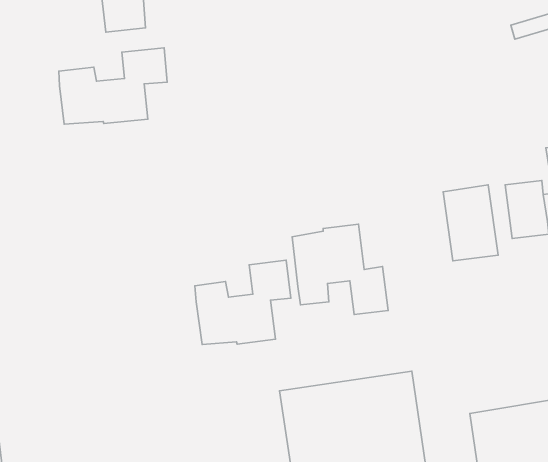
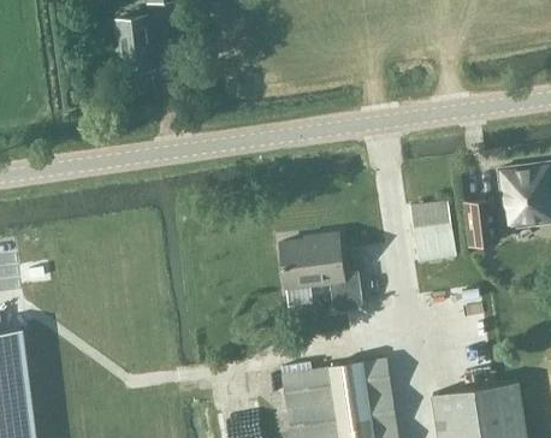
building: [59,48,167,124] -> none
building: [195,260,291,345] -> none

